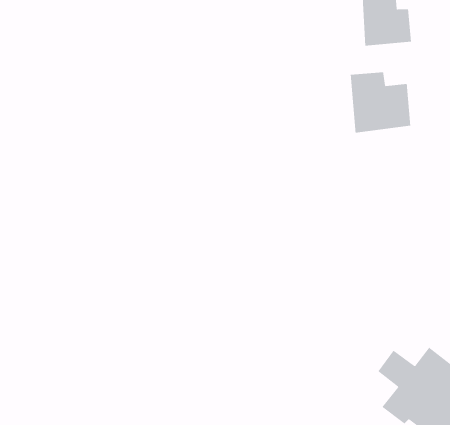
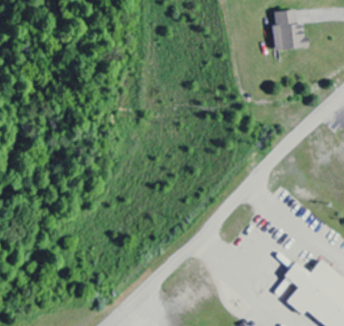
building: [350,71,411,133] -> none

